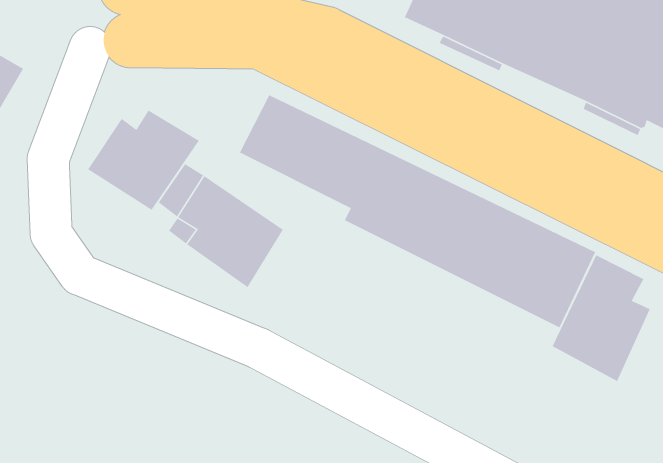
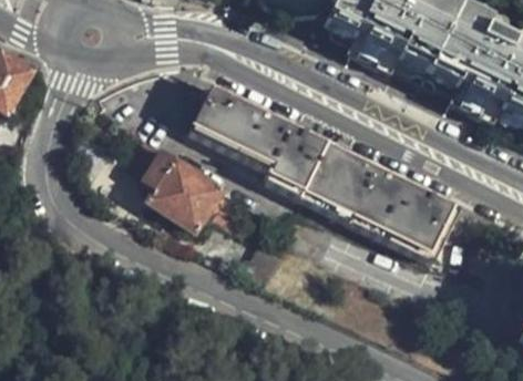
building: [87,110,200,211] -> none
building: [551,254,651,382] -> none

